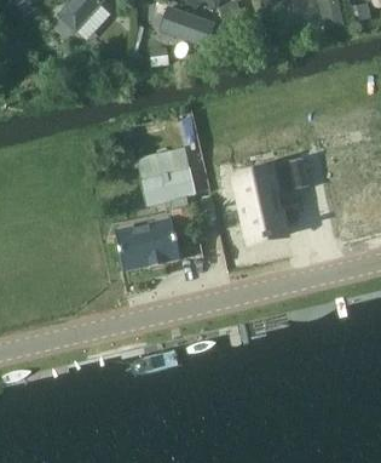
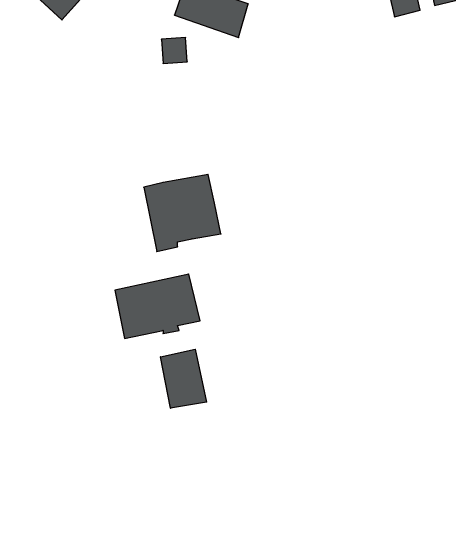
building: [235,156,308,240] -> none
building: none -> [161,349,207,408]

